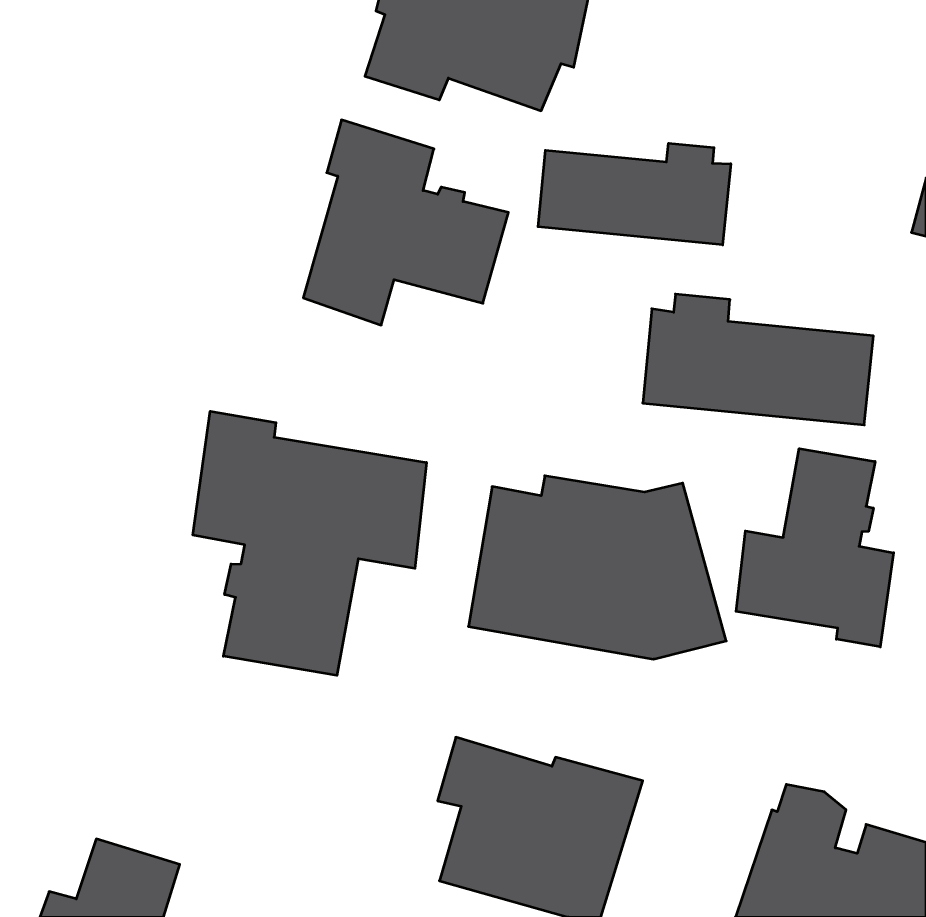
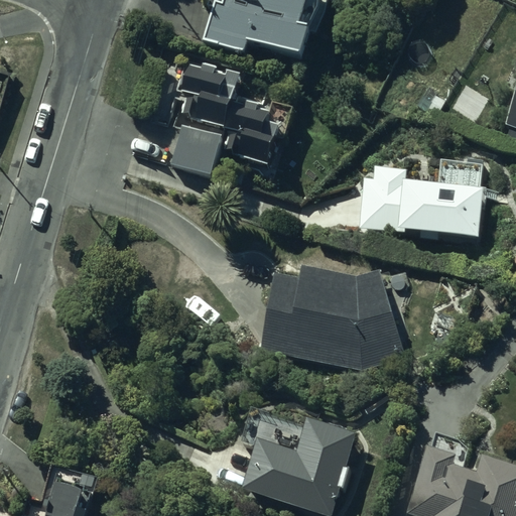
building: [538,143,731,245] -> none
building: [193,411,426,675] -> none
building: [736,449,894,647] -> none

